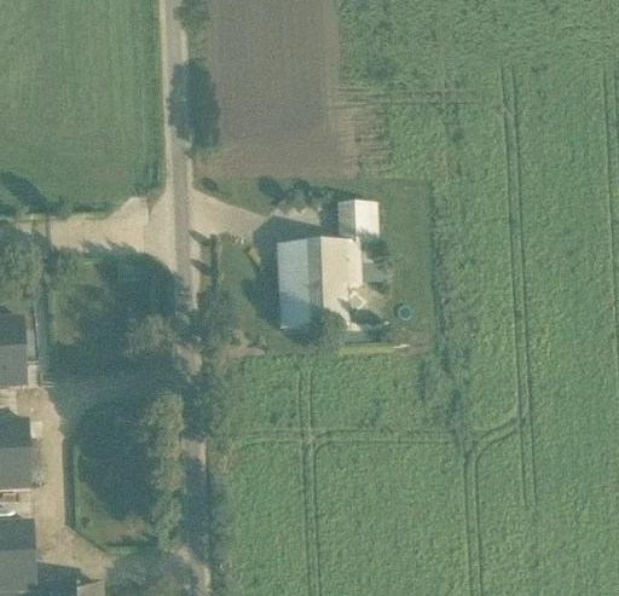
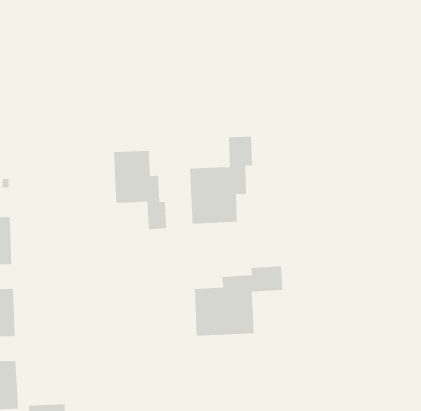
building: none -> [113,150,167,230]
building: none -> [195,266,283,336]

